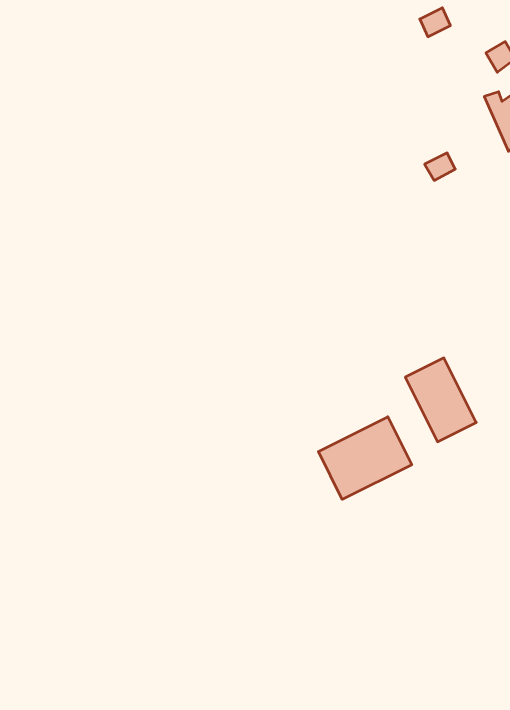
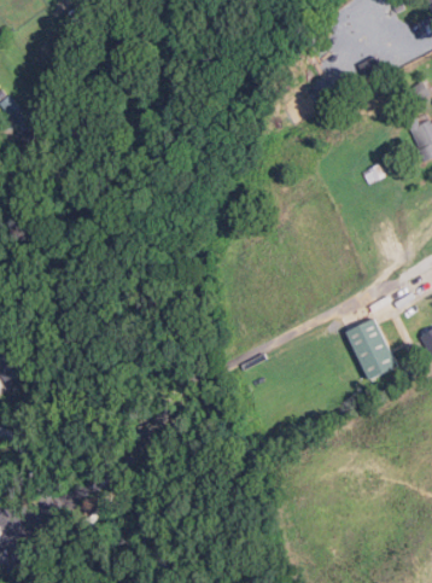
building: [318,417,412,499] -> none

